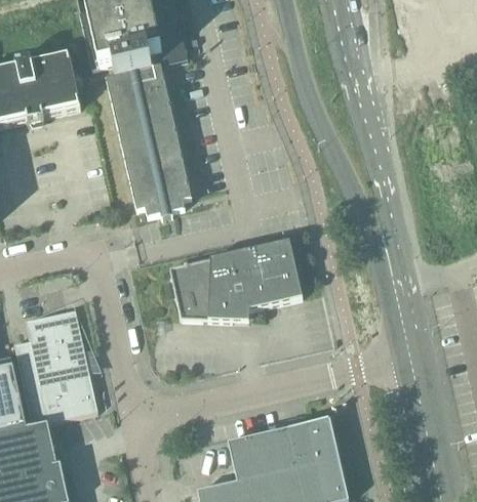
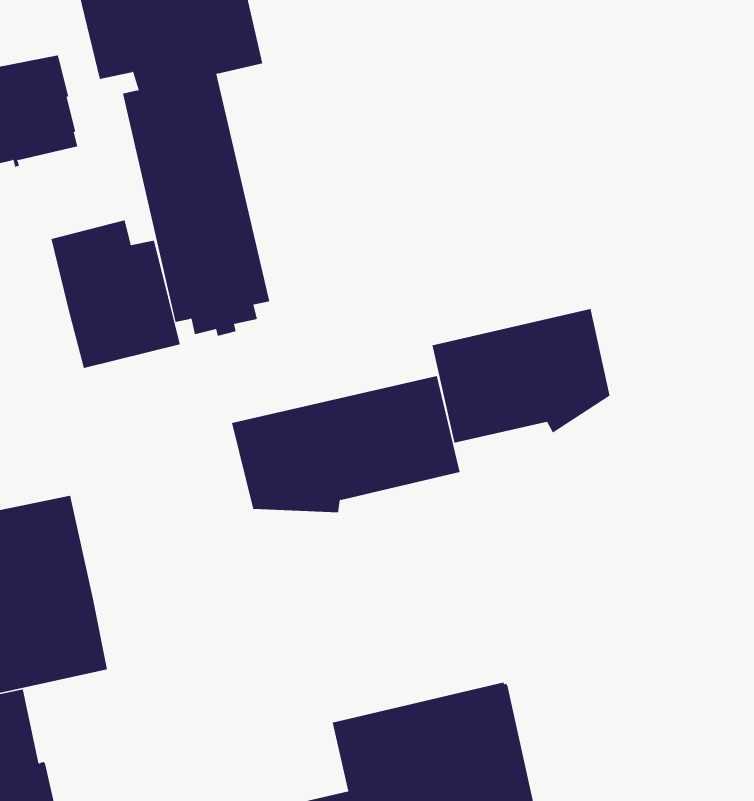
building: none -> [51,220,181,369]
building: none -> [432,308,610,443]

